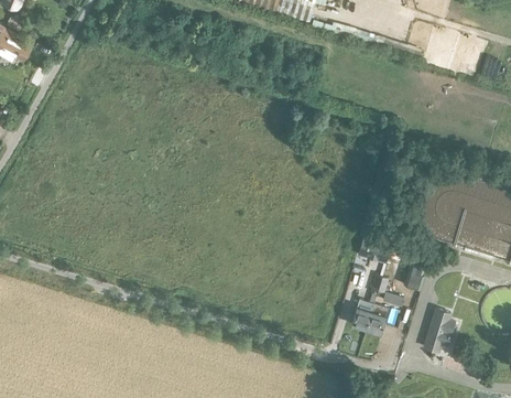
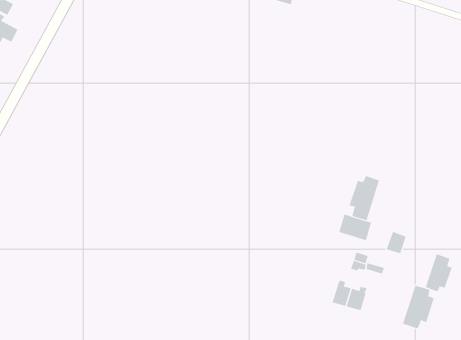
building: none -> [349,175,379,221]
building: none -> [425,254,453,292]

